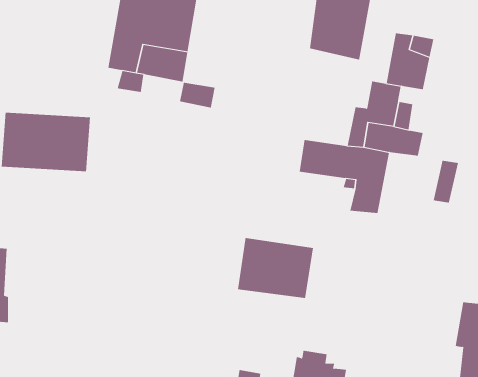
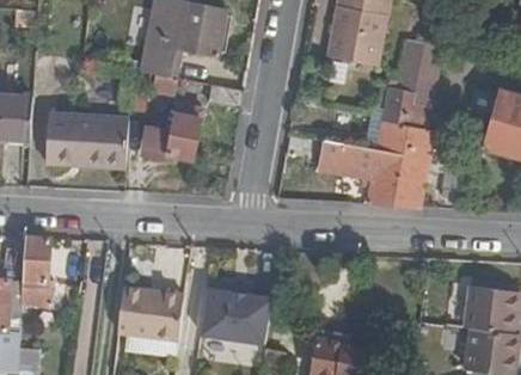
building: none -> [139,104,202,160]
building: none -> [392,149,429,207]
building: [237,238,314,299] -> [198,284,269,340]
building: none -> [115,289,183,344]

